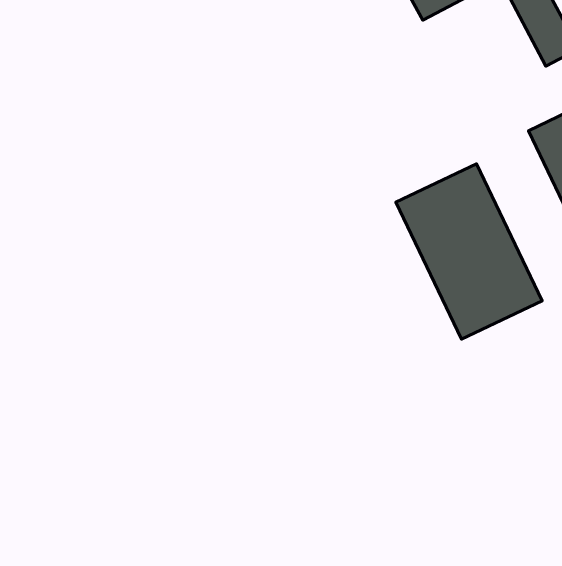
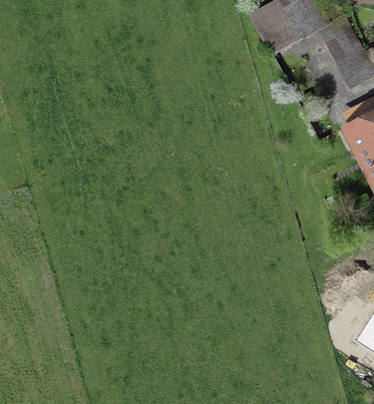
building: [396,164,542,339] -> none

